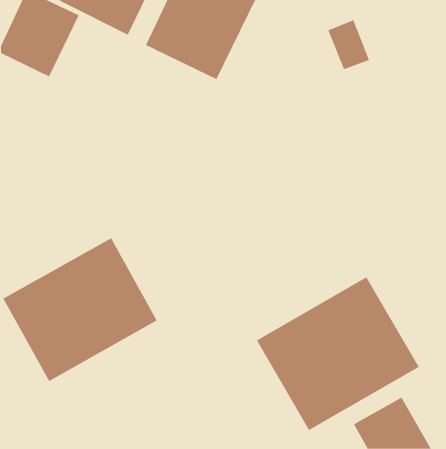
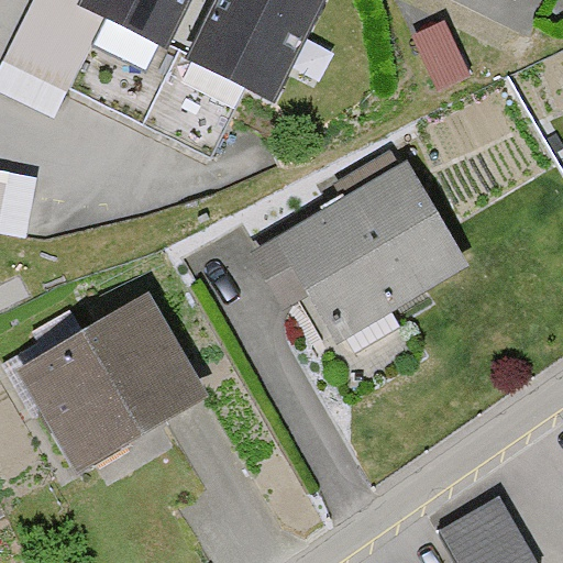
building: none -> [246,164,465,340]
building: [256,277,419,431] -> none

